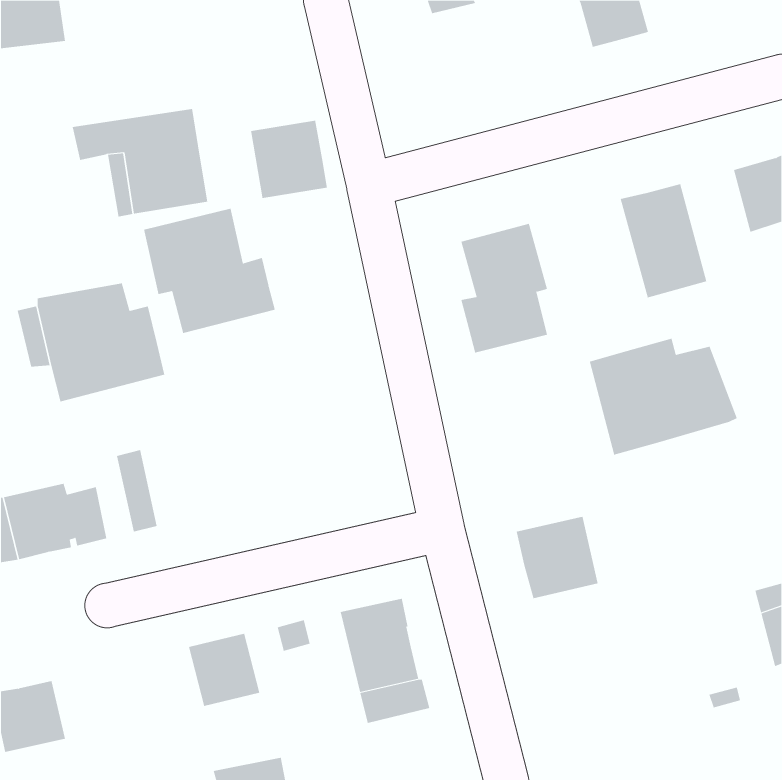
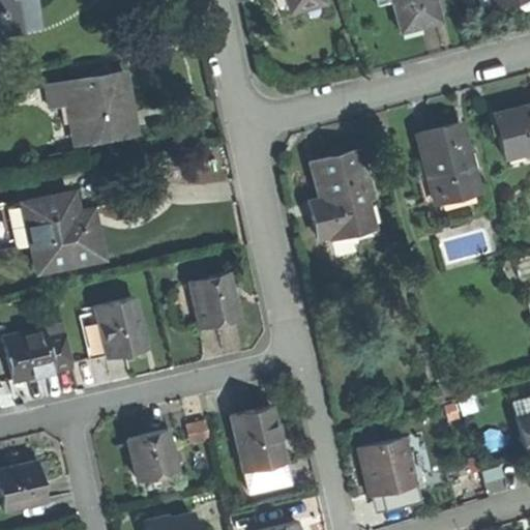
building: [250,120,328,199] -> none
building: [144,208,275,334] -> none
building: [589,338,737,455] -> none
building: none -> [188,272,237,326]
building: none -> [95,297,146,357]
building: [516,516,599,599] -> [358,438,414,494]

